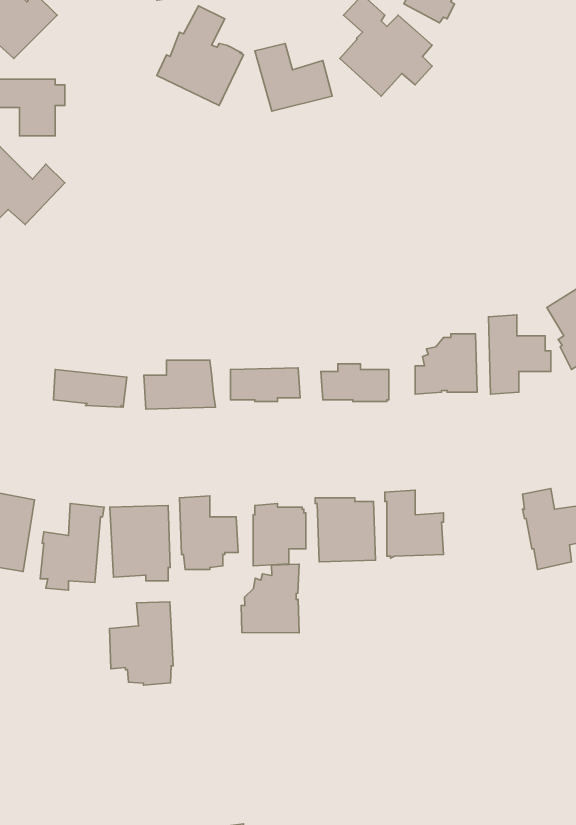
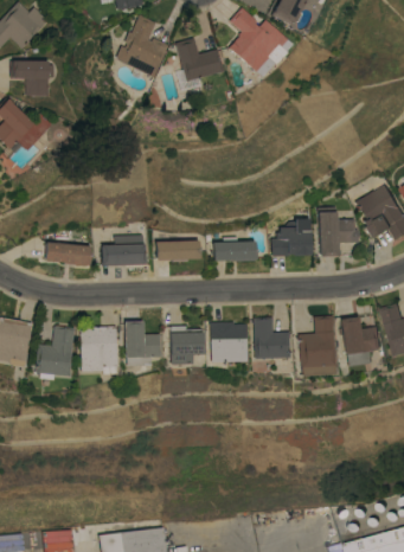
building: none -> [299,316,335,377]
building: [241,564,299,633] -> none
building: [109,602,173,685] -> none

